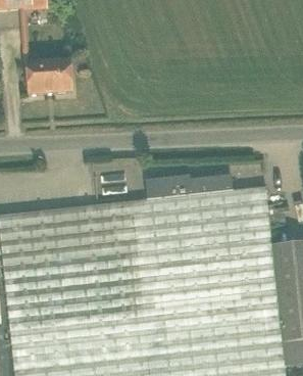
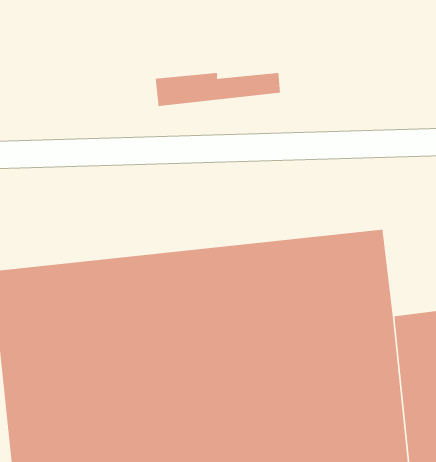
building: [21,58,71,96] -> none
building: [145,178,231,201] -> [155,72,281,107]

